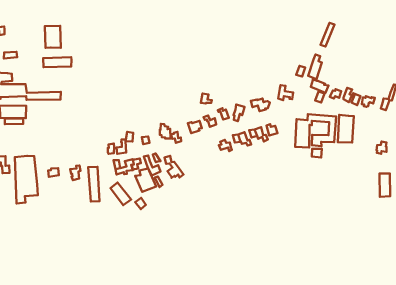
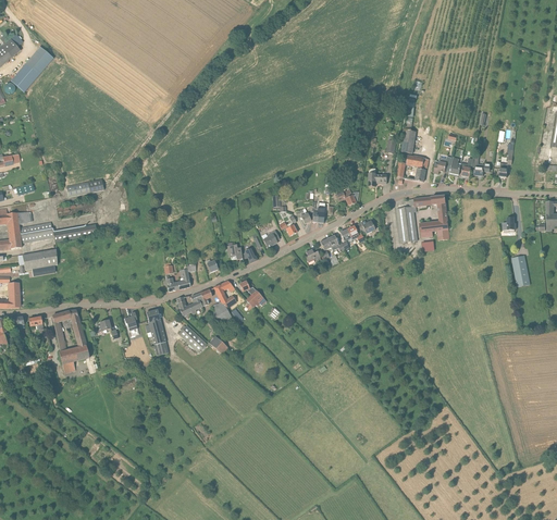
building: [45,26,61,48] -> none
building: [338,115,354,142] -> none

